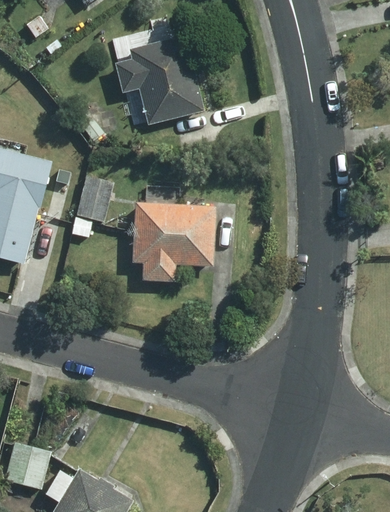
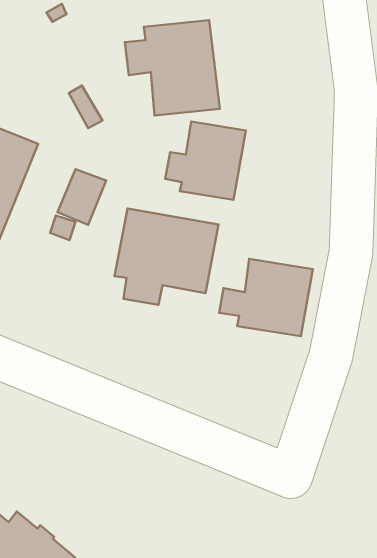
building: none -> [165,121,246,200]
building: none -> [219,259,313,336]

